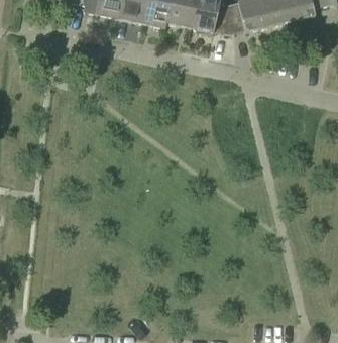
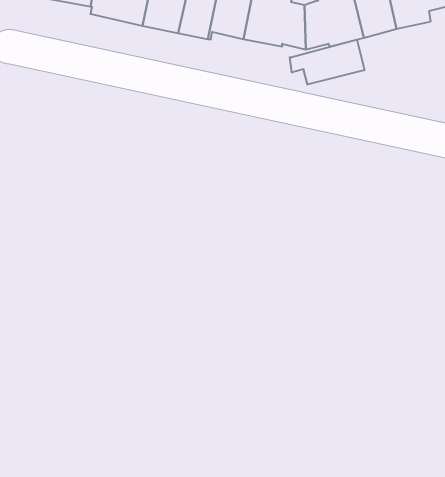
building: none -> [290,40,364,85]

